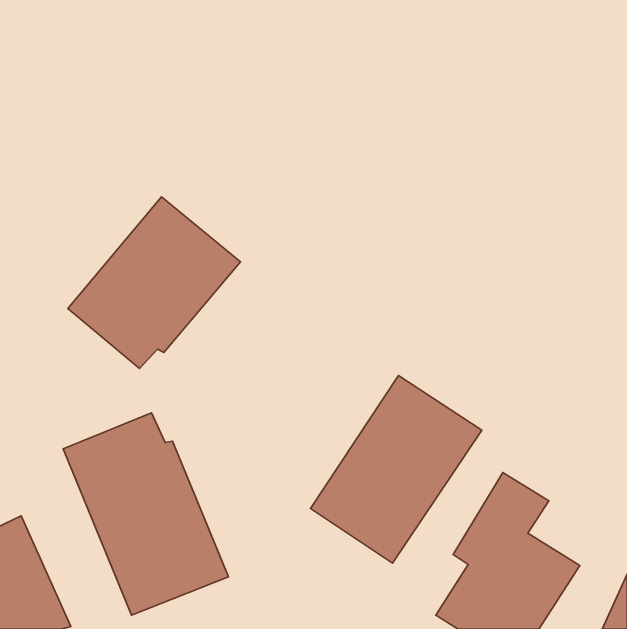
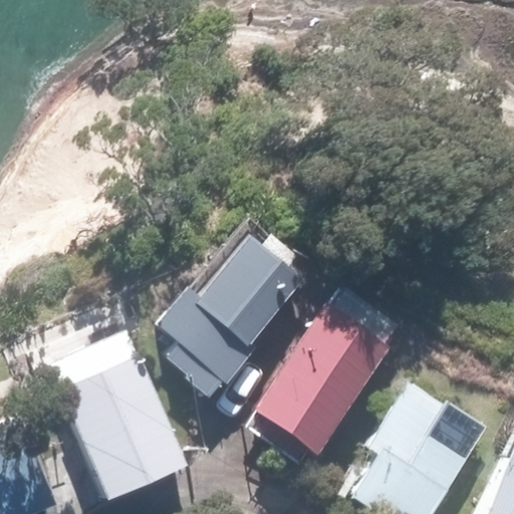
building: [68,197,240,369] -> none
building: none -> [154,231,302,399]

